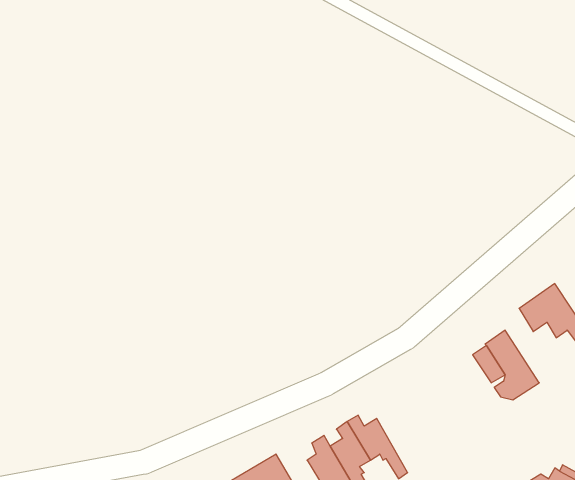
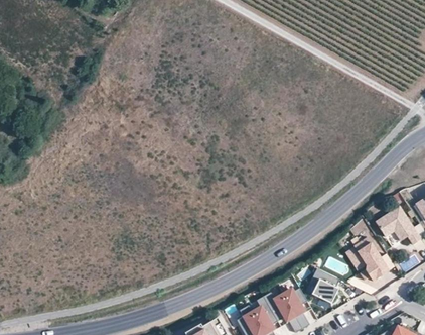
building: none -> [308,266,337,302]
building: none -> [283,288,310,329]

